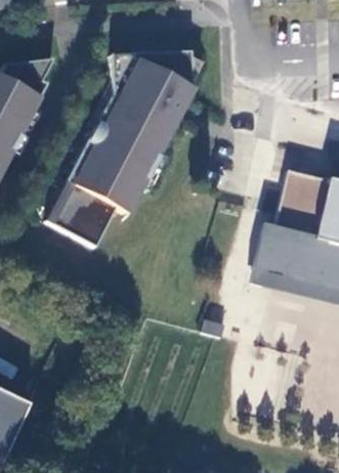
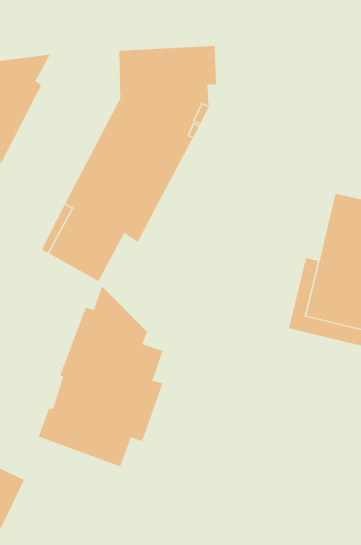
building: none -> [38,285,164,467]

